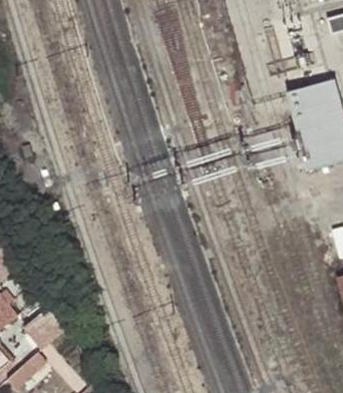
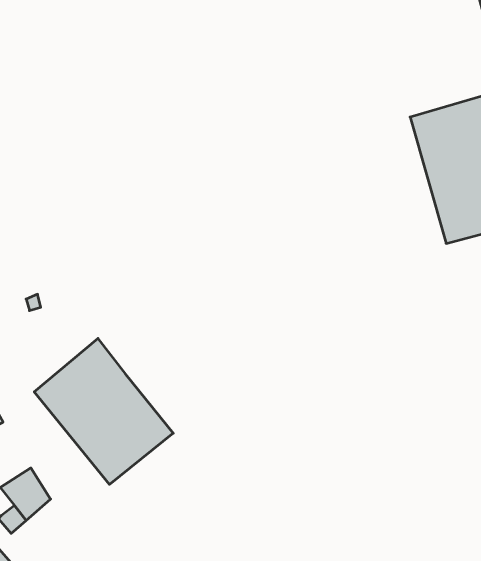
building: none -> [34,338,173,484]

